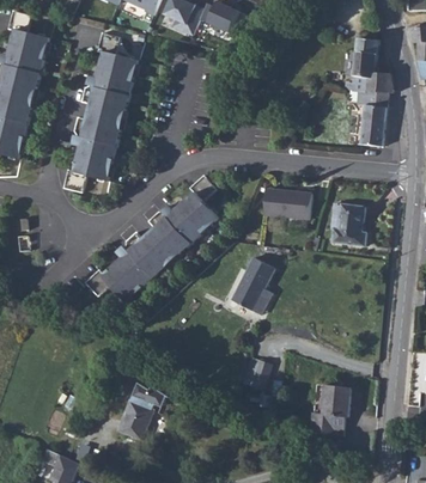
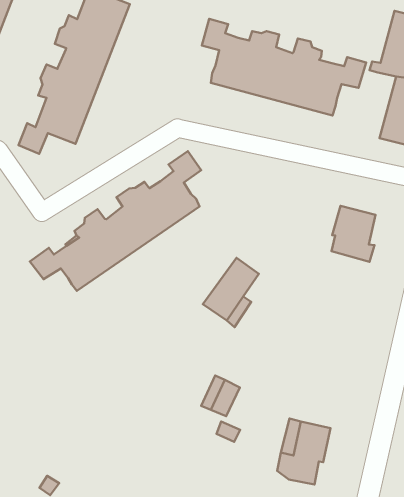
building: none -> [202,19,366,115]
building: [264,191,311,219] -> none
building: [118,381,165,440] -> none

